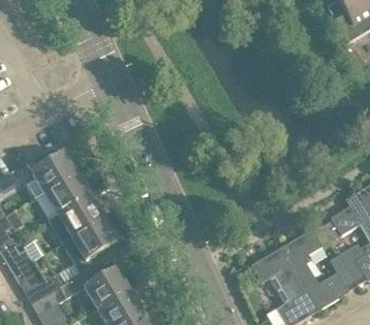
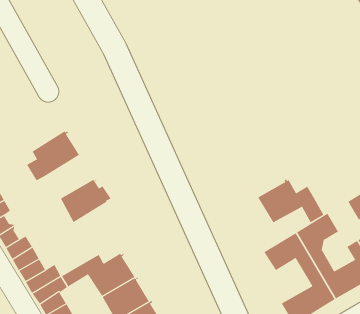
building: [45,173,94,215] -> none
building: none -> [258,179,324,223]
building: [63,218,118,274] -> none

